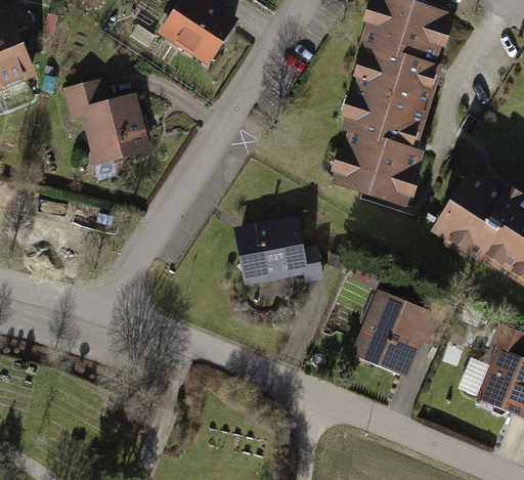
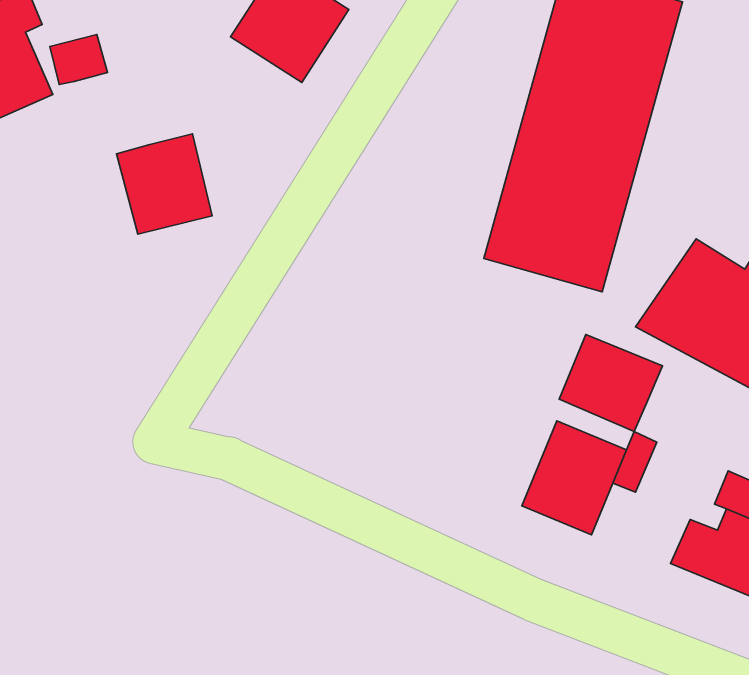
building: [63,81,102,115] -> [50,34,108,85]
building: [237,218,319,281] -> none
building: none -> [559,335,662,431]

